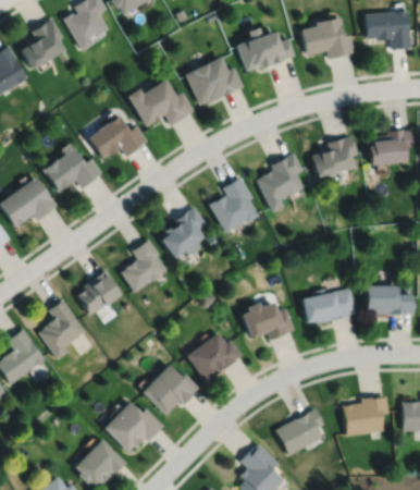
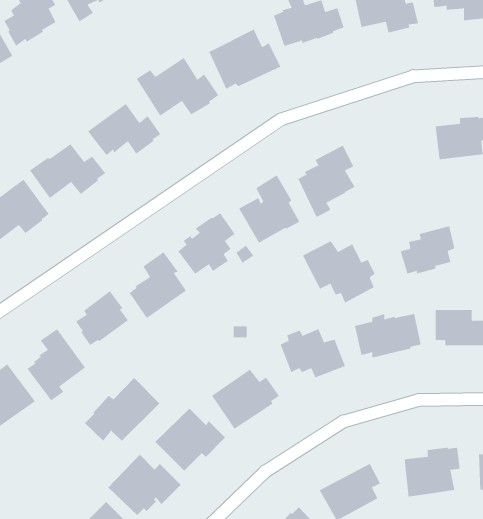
building: [312,134,357,173] -> [400,226,455,274]
building: none -> [302,240,375,303]
building: none -> [84,377,160,442]

